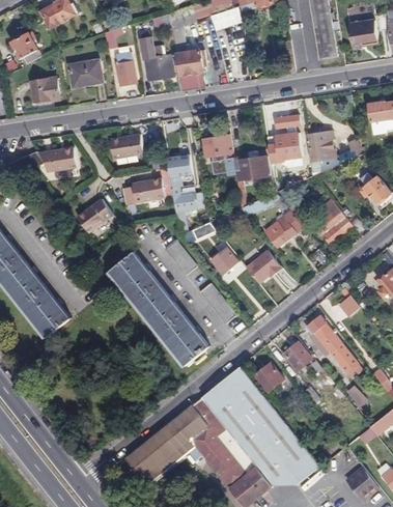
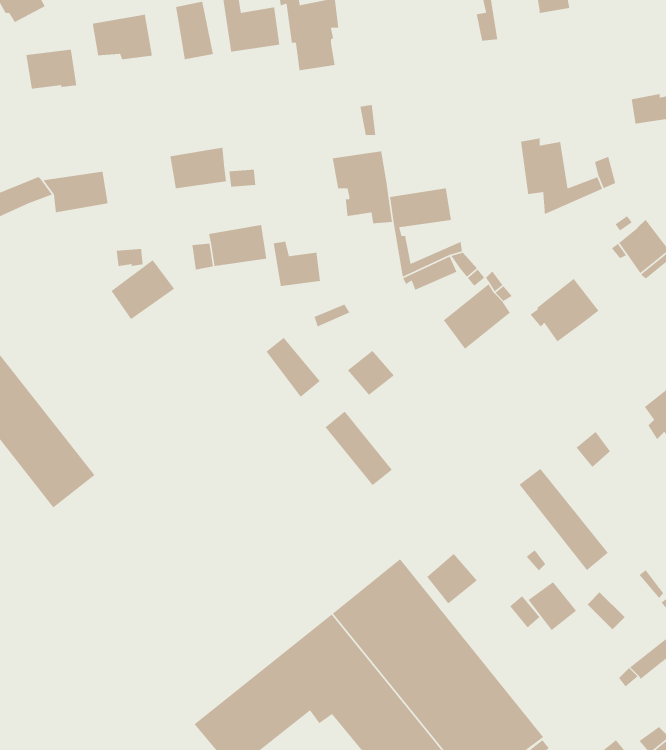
building: [264,114,301,163] -> none
building: [165,154,190,188] -> none
building: [245,250,281,283] -> none
building: [110,252,208,364] -> none
building: [283,342,311,370] -> [527,581,577,631]

